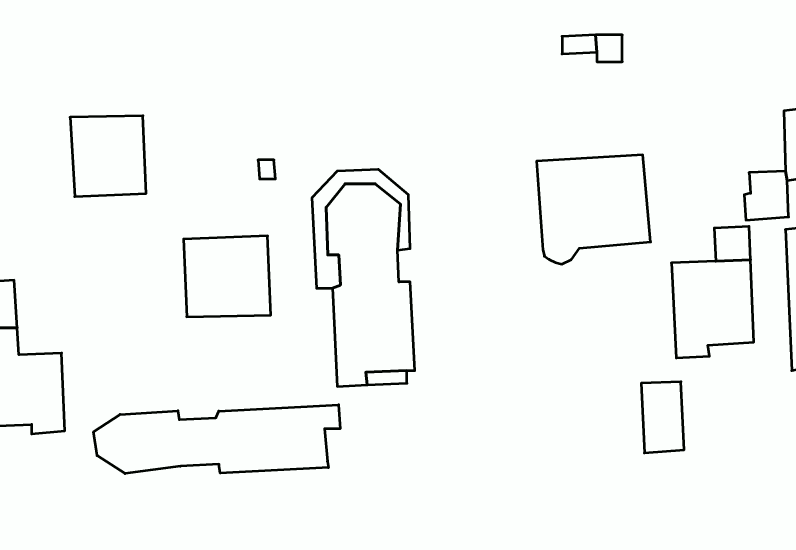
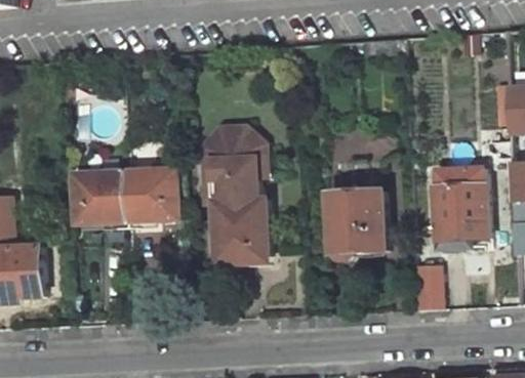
building: [70,116,146,197] -> [72,168,121,220]
building: [537,155,651,264] -> [321,192,395,262]
building: [94,405,340,474] -> none

